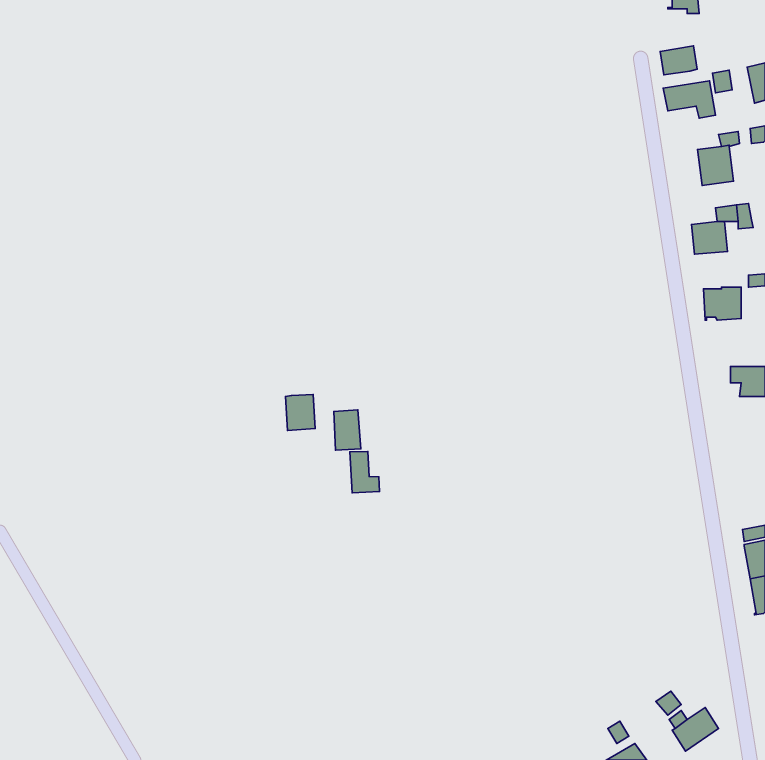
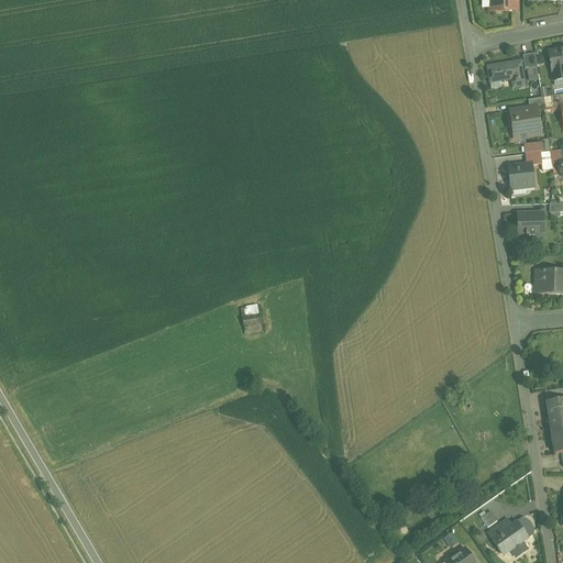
building: [660,46,697,75] -> none
building: [285,395,315,431] -> none
building: [350,451,380,493] -> none

